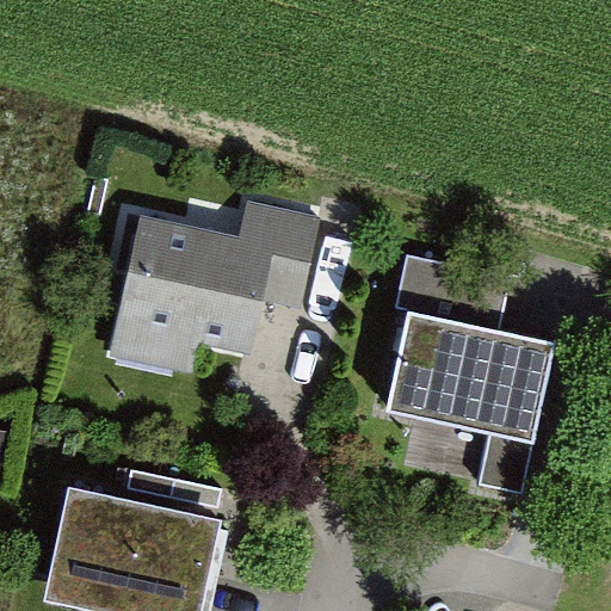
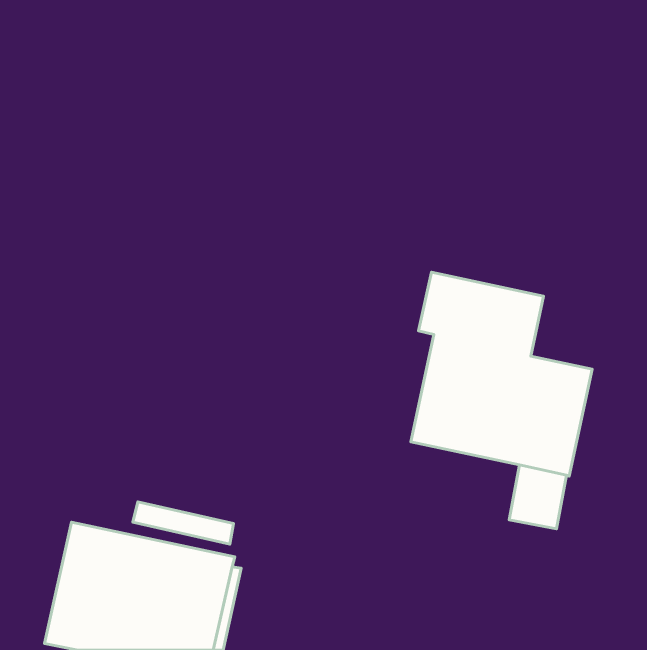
building: [109,200,320,371] -> none

